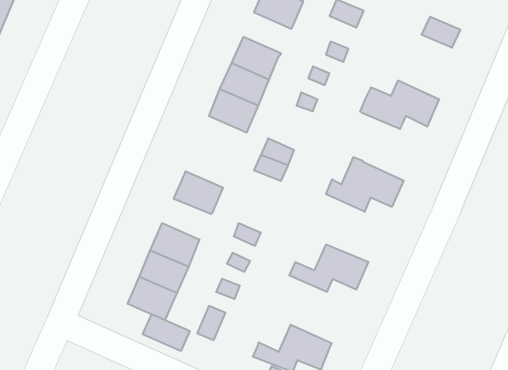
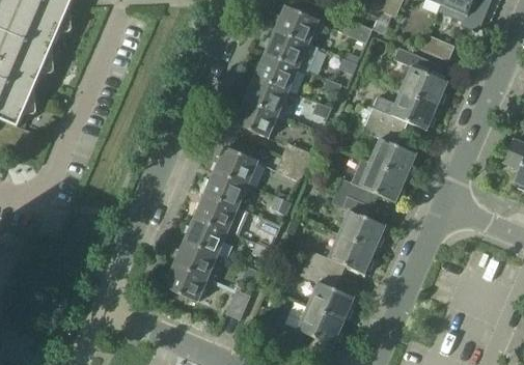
building: none -> [266,30,320,74]
building: none -> [395,48,450,107]
building: none -> [362,117,418,178]
building: none -> [215,145,258,185]
building: none -> [332,190,386,250]
building: none -> [194,194,249,234]
building: none -> [302,261,355,321]
building: [143,314,190,351] -> none

